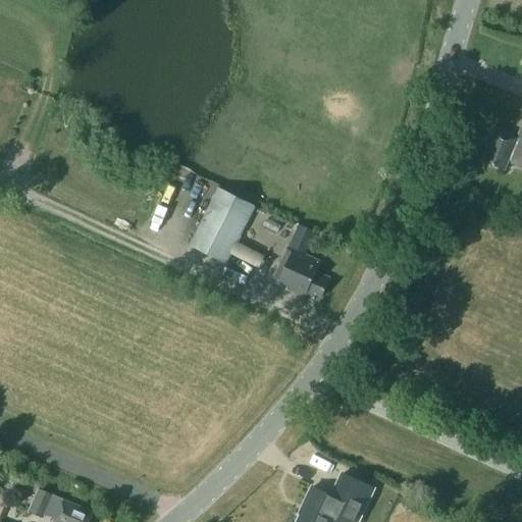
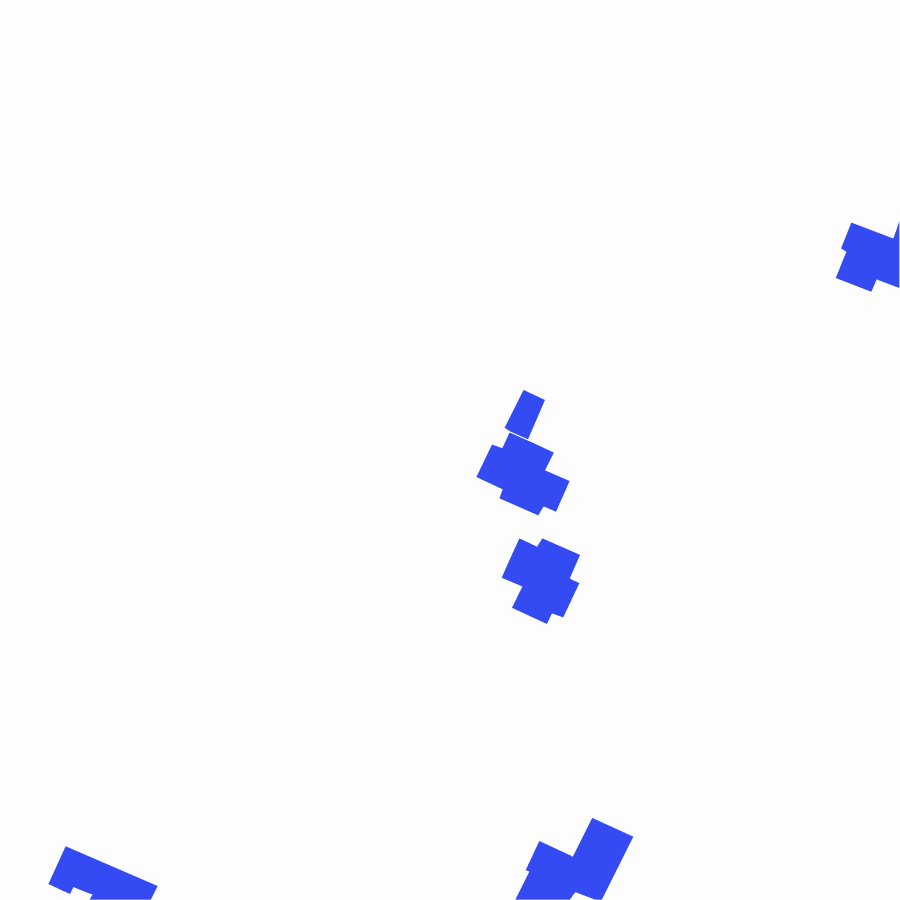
building: [190,187,256,264] -> none
building: none -> [501,538,581,625]

